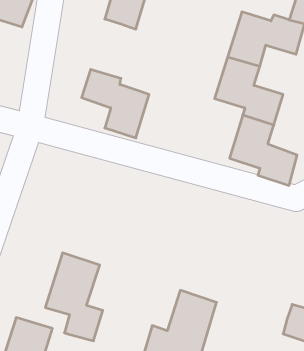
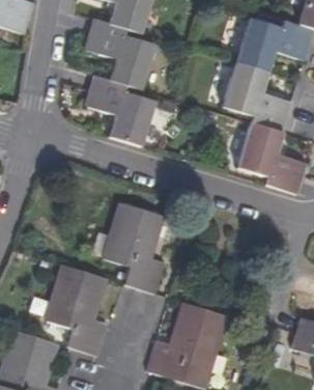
building: none -> [85,19,155,89]
building: none -> [107,203,166,294]

